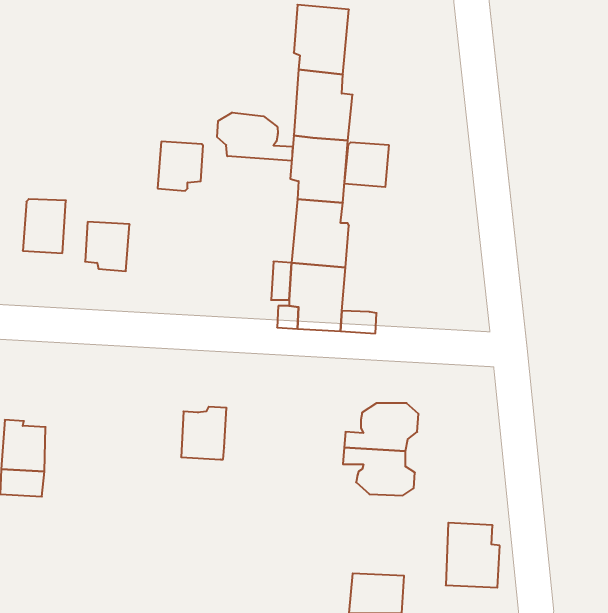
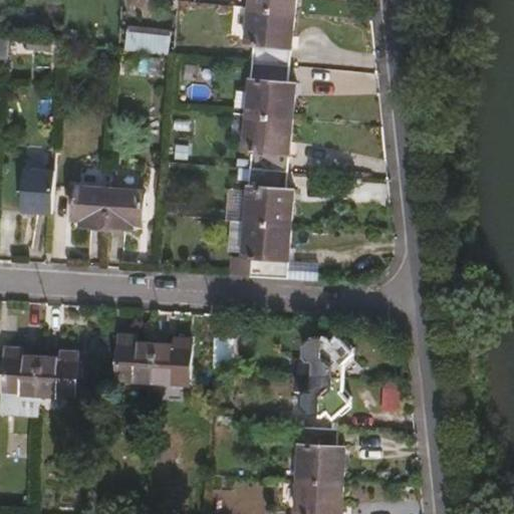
building: none -> [124,25,169,51]
building: [217,112,292,161] -> none
building: [158,142,203,191] -> [105,188,144,229]
building: [344,142,389,187] -> none
building: none -> [115,337,154,382]
building: none -> [37,355,76,397]
building: [446,523,500,588] -> [295,428,340,482]

